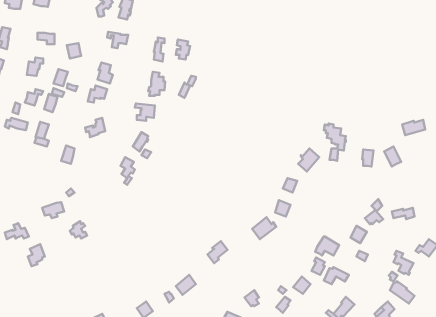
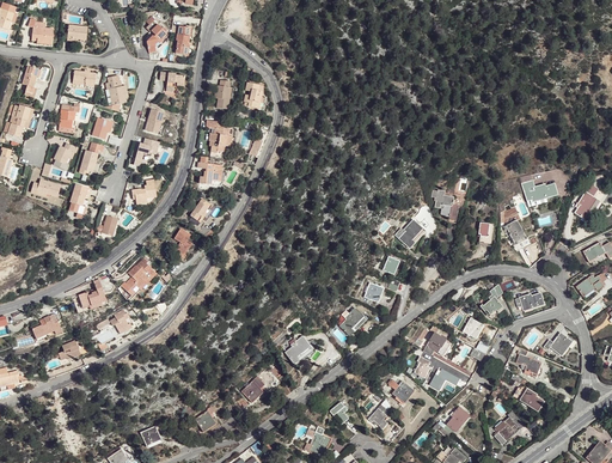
building: none -> [126,257,157,296]

